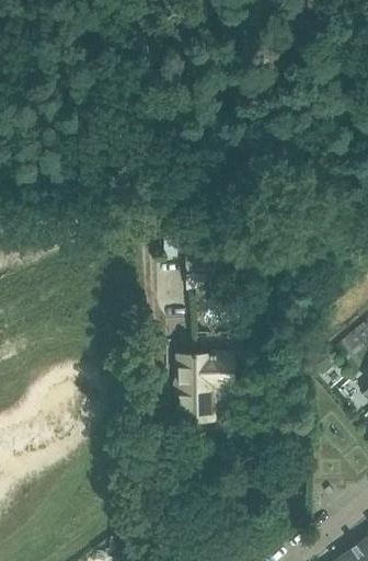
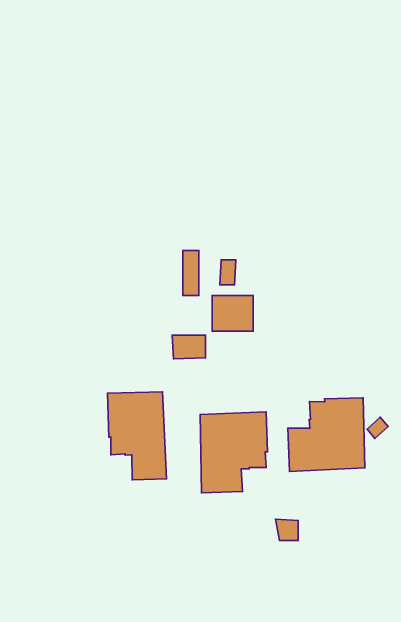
building: none -> [107,392,166,480]
building: none -> [288,398,365,472]

